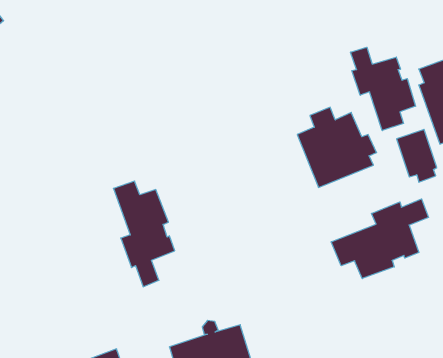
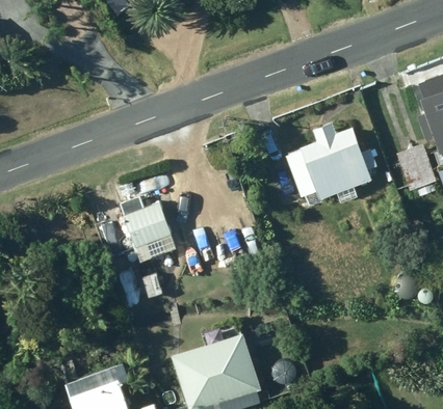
building: [351,47,416,131] -> none
building: [331,199,428,279] -> none

